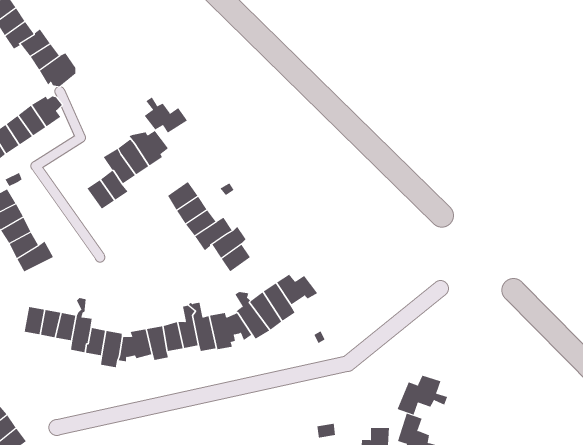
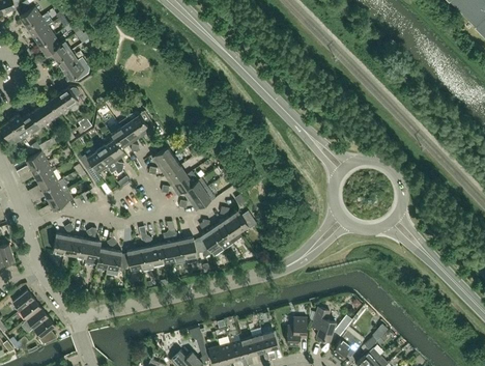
building: [144,97,188,133] -> none
building: none -> [80,151,107,184]
building: [397,375,448,415] -> none

